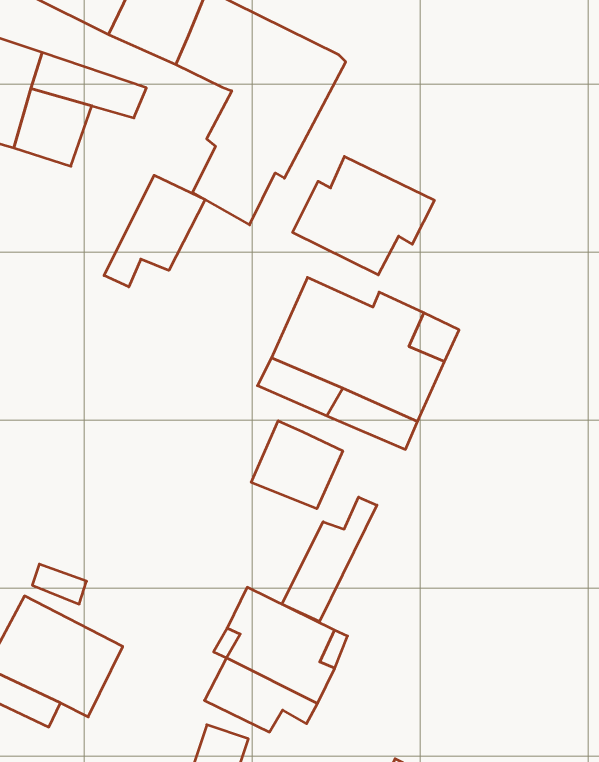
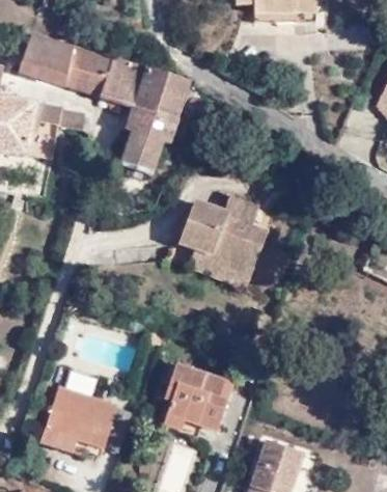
building: [293,156,434,275] -> none
building: [104,175,205,287] -> none
building: [251,421,343,509] -> none
building: [282,497,377,622] -> none

